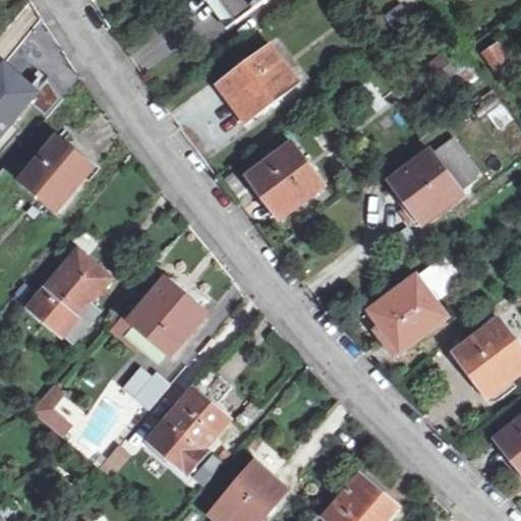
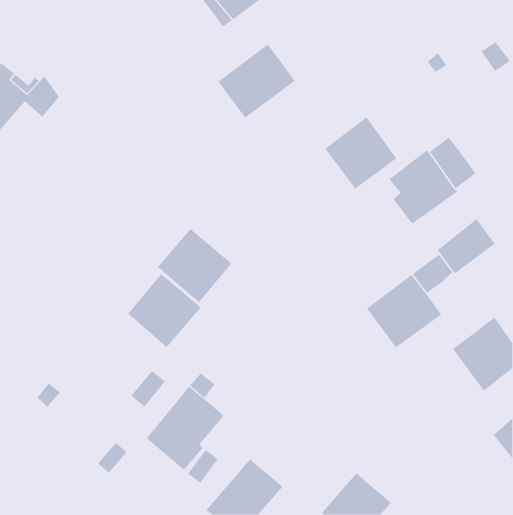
building: [18,138,90,209] -> none
building: [248,142,322,216] -> [324,117,397,189]
building: none -> [437,218,496,274]
building: none -> [157,228,232,303]
building: [26,254,107,342] -> none

